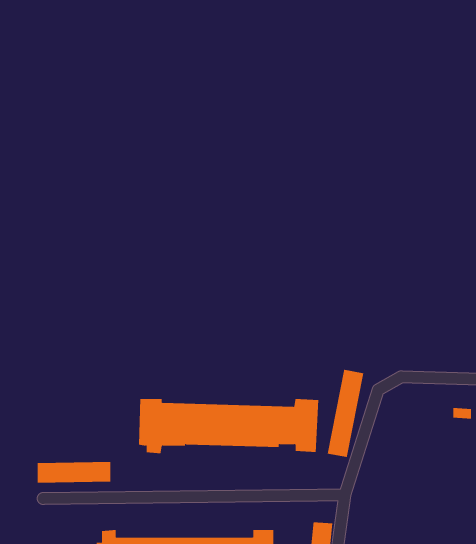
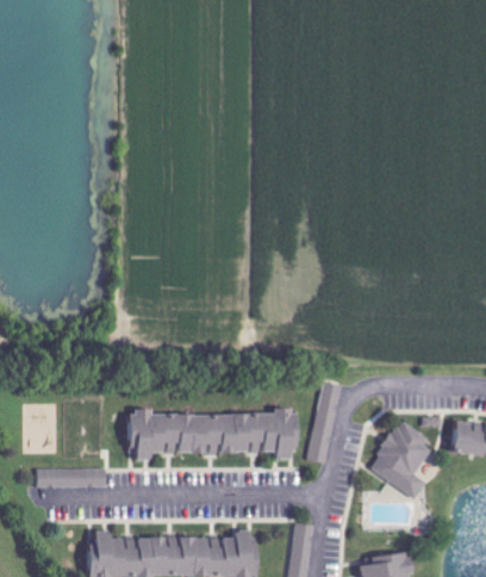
building: none -> [367,420,429,498]

